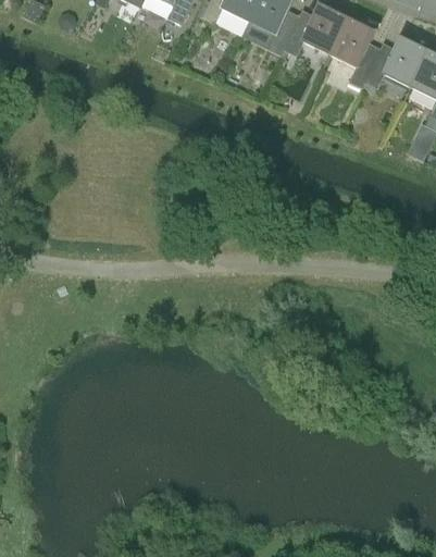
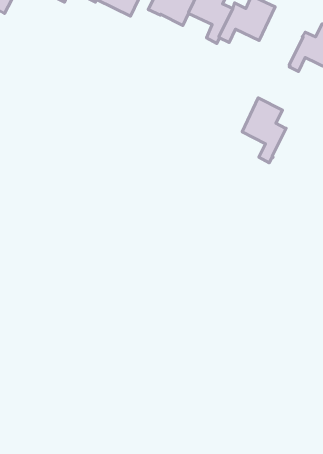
building: [329,15,381,90] -> [242,98,286,163]

